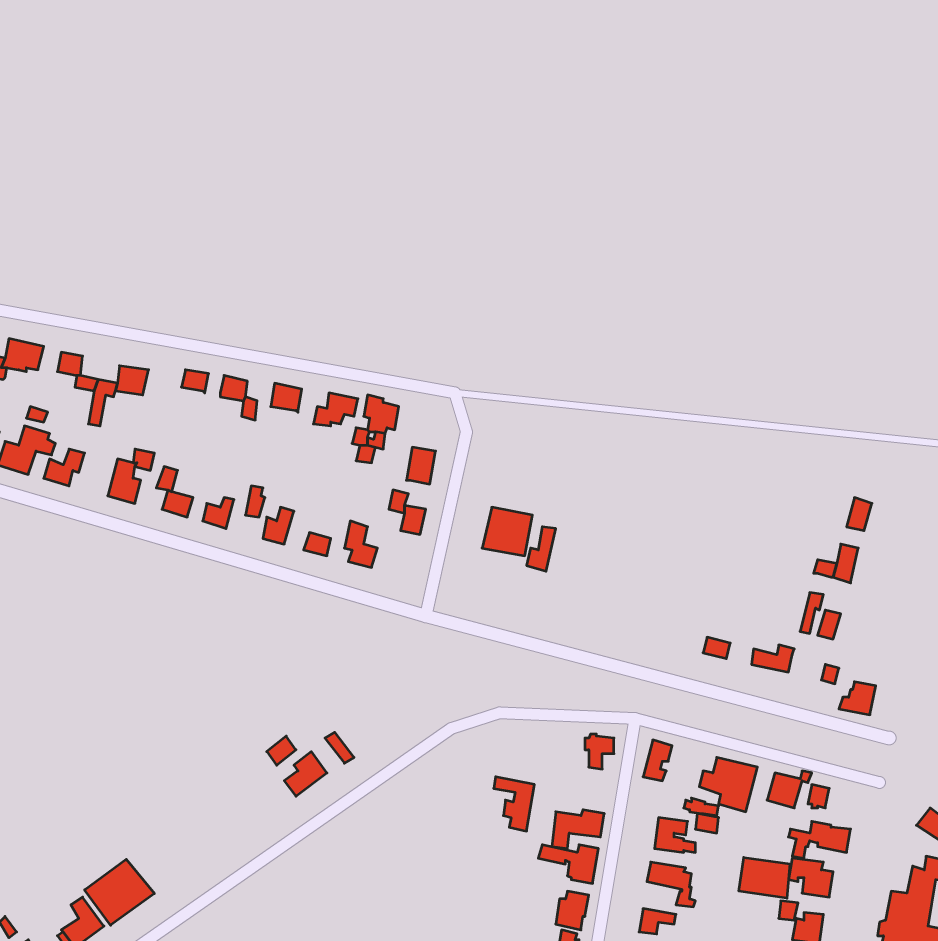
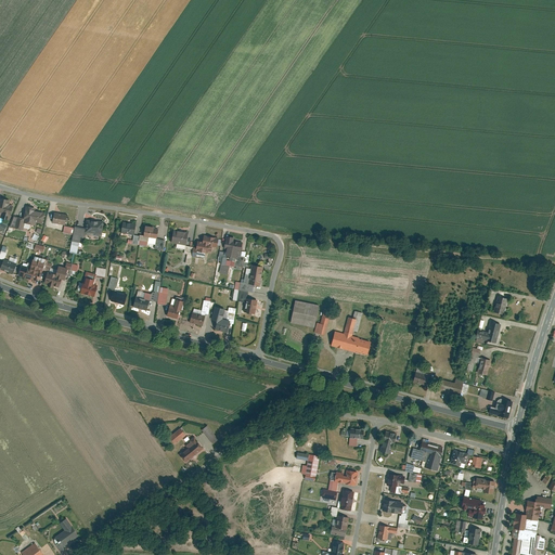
building: none -> [330,312,371,356]
building: [739,857,790,898] -> none
building: [85,859,154,925] -> none

